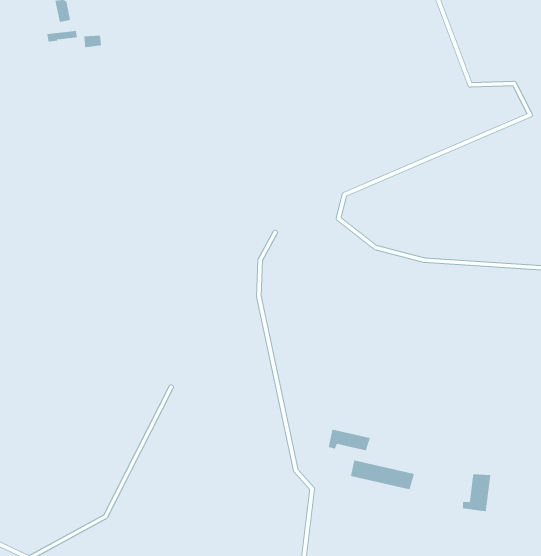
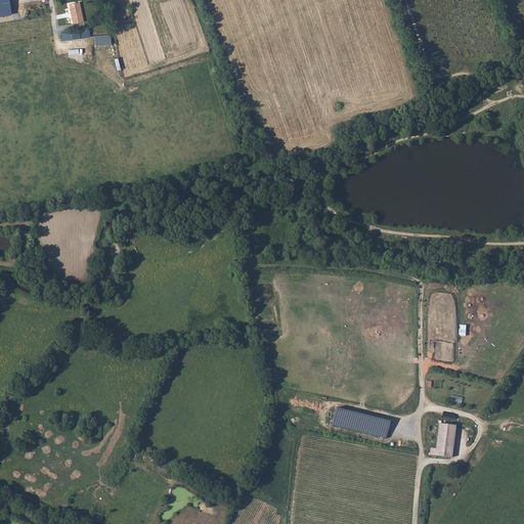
building: [328,429,370,451] -> none

